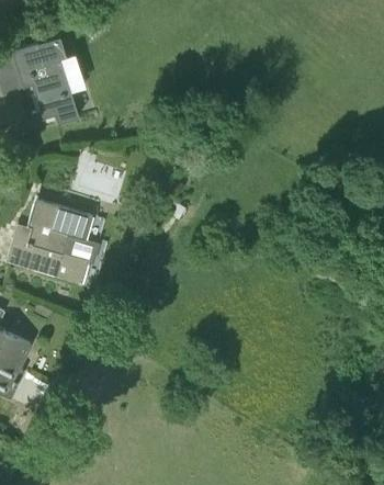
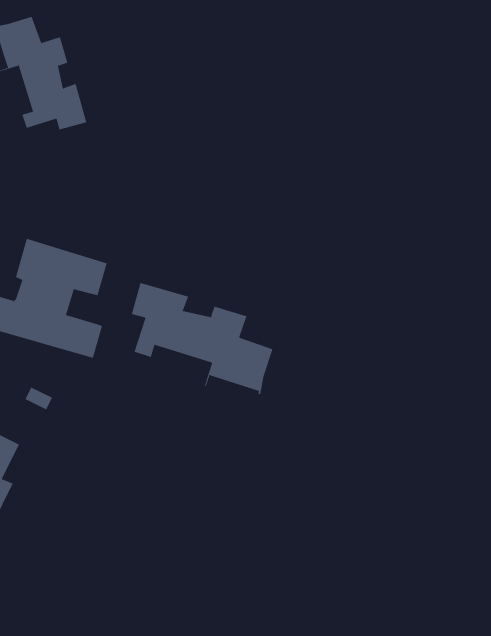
building: none -> [131,282,273,395]

